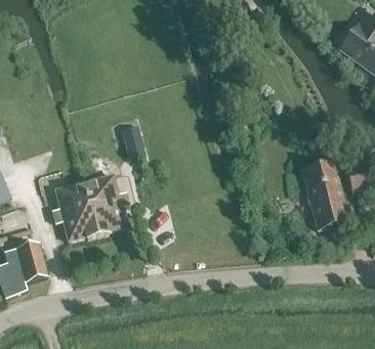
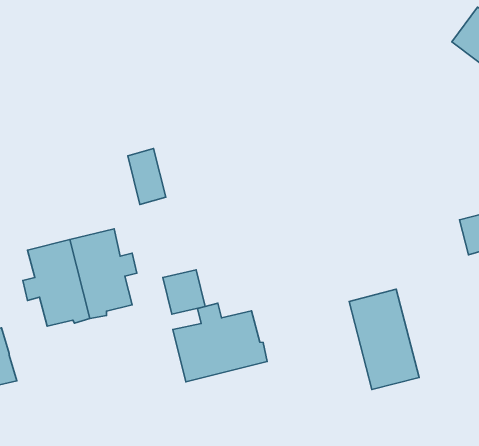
building: [301,161,348,228] -> [349,289,419,390]
building: none -> [173,303,267,382]

